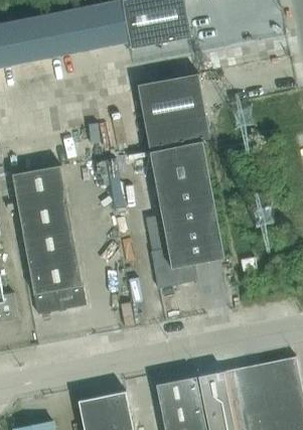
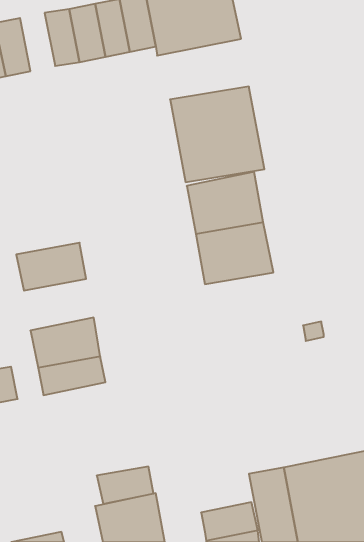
building: [20,16,47,61] -> none
building: [12,165,66,204] -> none
building: [150,219,224,287] -> none
building: [23,224,78,264] -> none
building: [156,377,200,406] -> [97,467,154,504]

